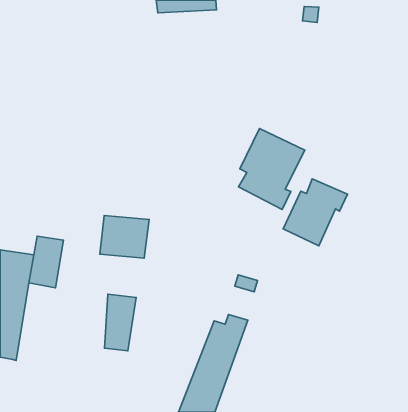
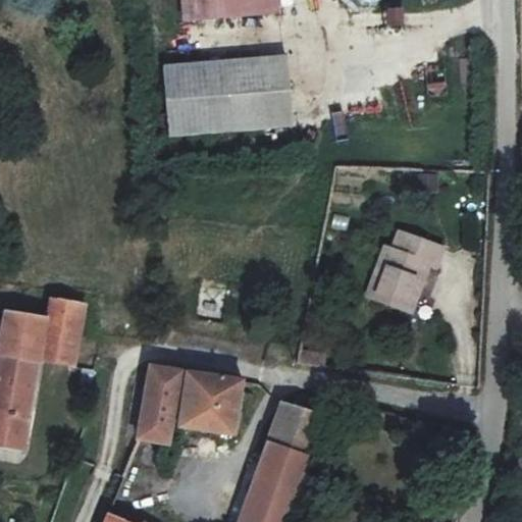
building: none -> [168,58,295,136]
building: [238,129,305,210] -> none
building: [100,216,149,258] -> [175,377,238,431]

